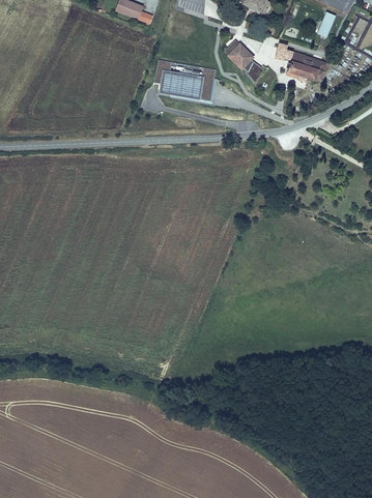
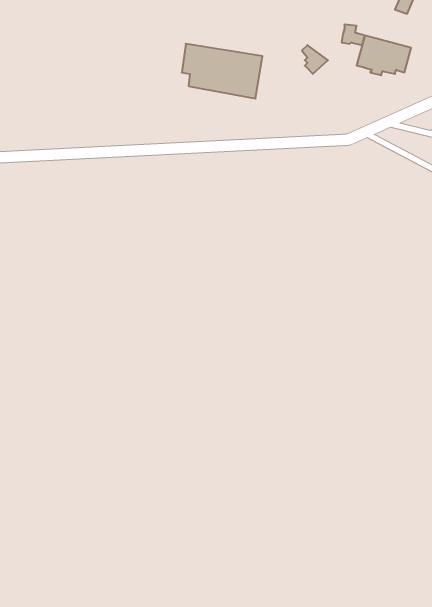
building: [227,39,252,75] -> none

